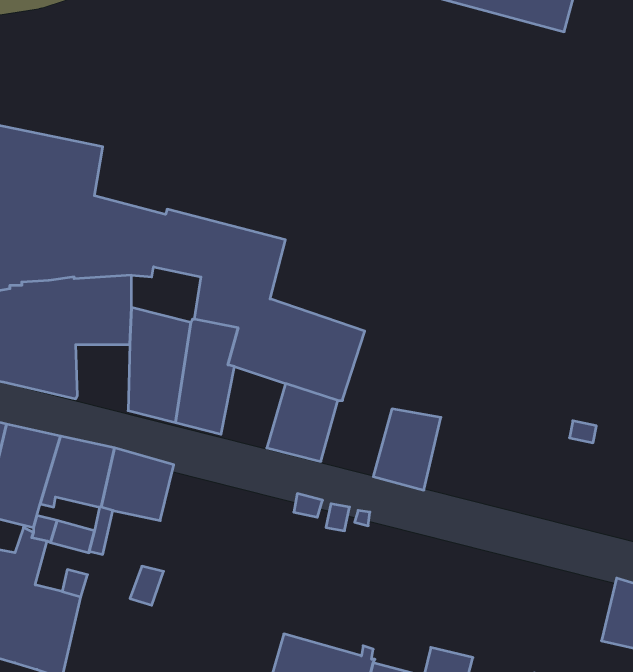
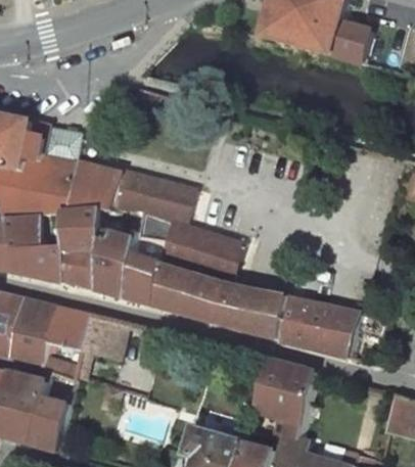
building: none -> [63,250,96,290]
building: none -> [151,264,190,313]
building: none -> [212,283,255,330]
building: none -> [274,294,356,356]
building: none -> [250,358,312,422]

